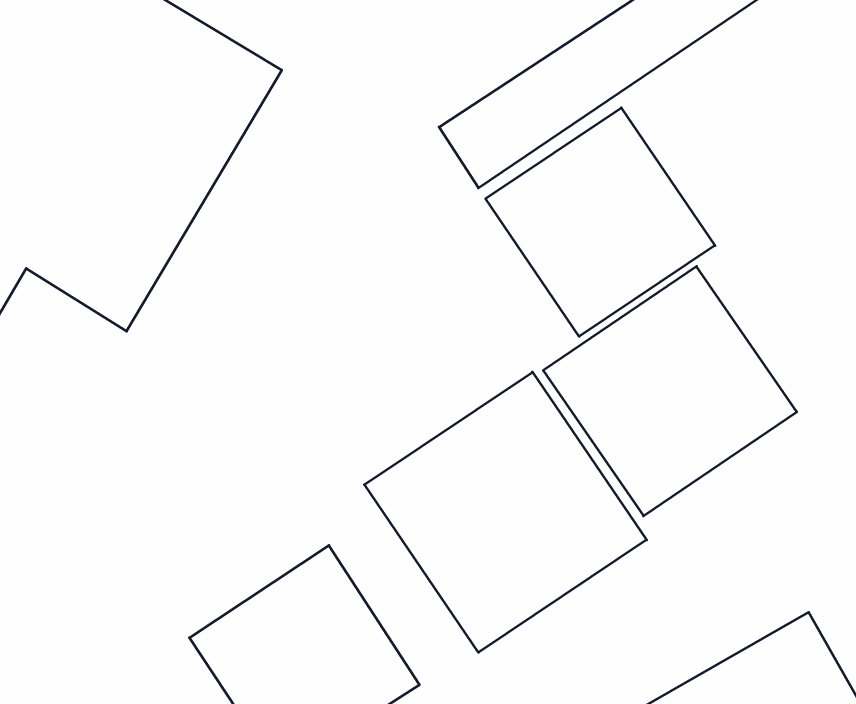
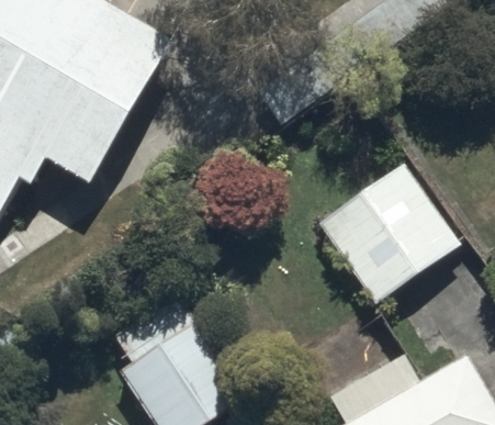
building: [486,108,715,336] -> none
building: [364,372,647,652] -> none

